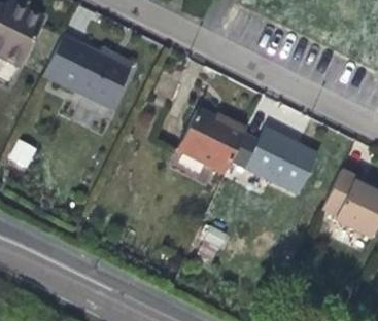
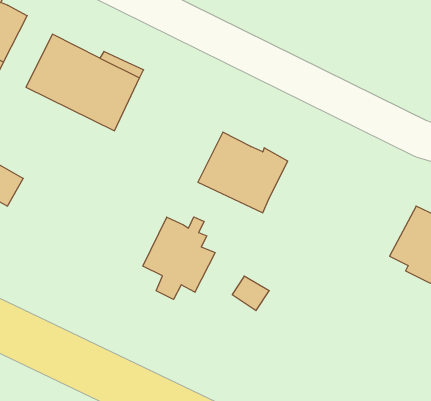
building: [231,127,316,193] -> none
building: none -> [143,217,215,299]

